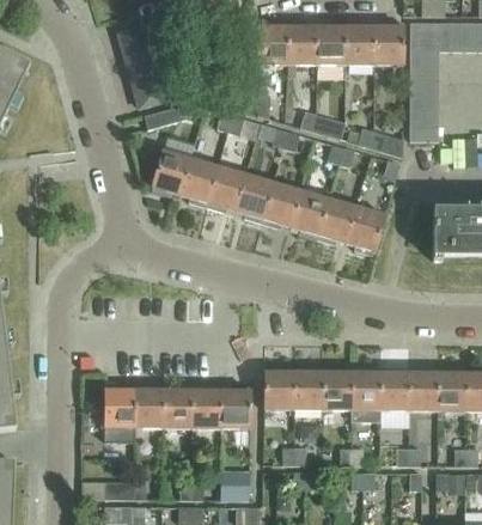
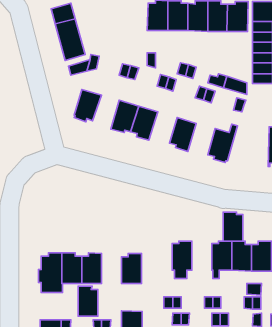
building: [179,157,218,206] -> none
building: [261,181,301,227] -> none
building: [317,197,356,243] -> none
building: [264,367,294,409] -> none
building: [323,367,352,409] -> [223,212,243,241]
building: [193,385,221,428] -> [78,286,98,316]

